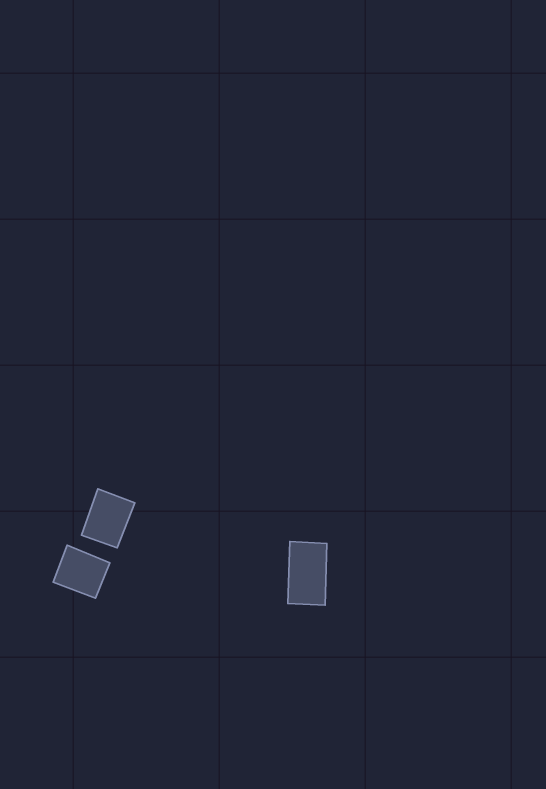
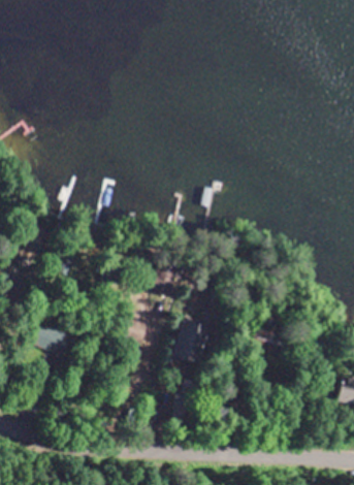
building: [82,489,135,548] -> none

